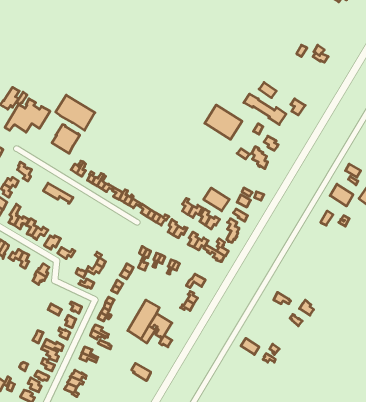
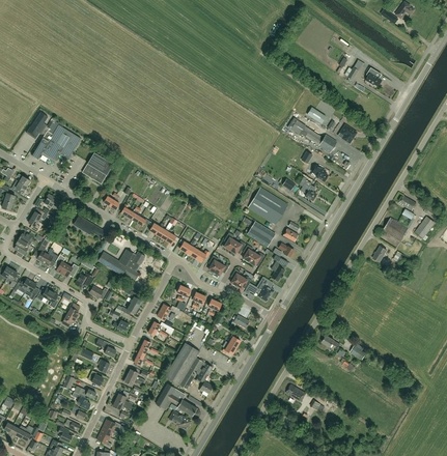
building: [56,95,95,130] -> none
building: [205,105,242,139] -> [248,188,288,225]
building: none -> [99,250,145,279]
building: none -> [156,384,200,418]

